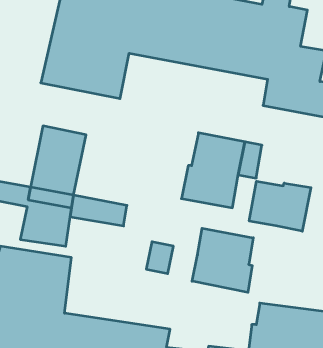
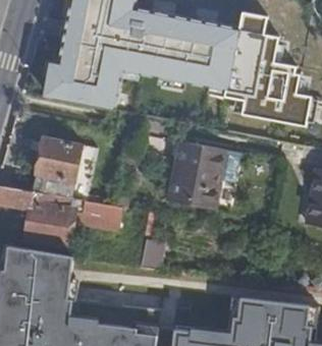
building: [249,181,311,231] -> none
building: [192,228,253,292] -> none

